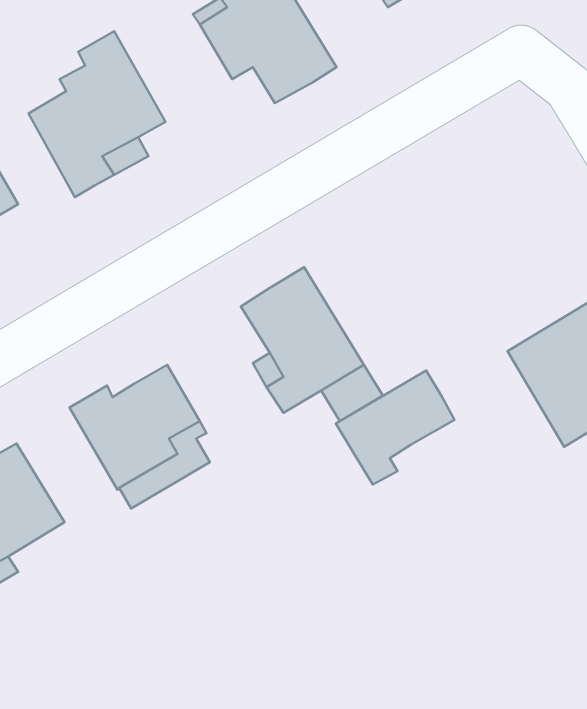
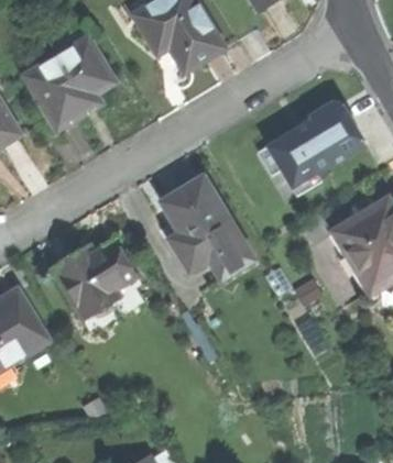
building: none -> [269,101,362,185]
building: [336,371,454,485] -> none

